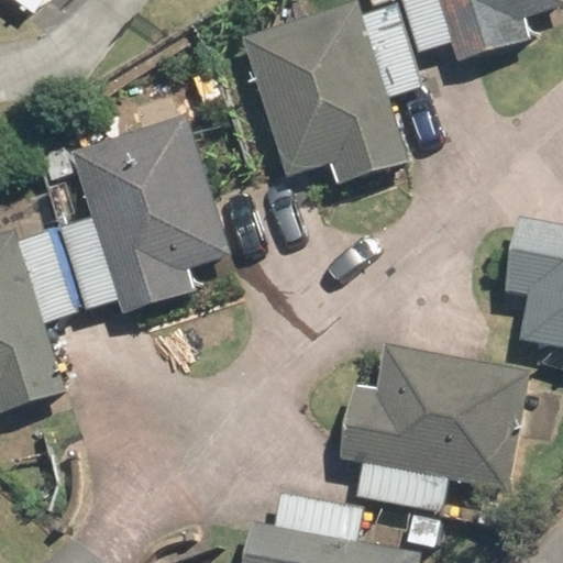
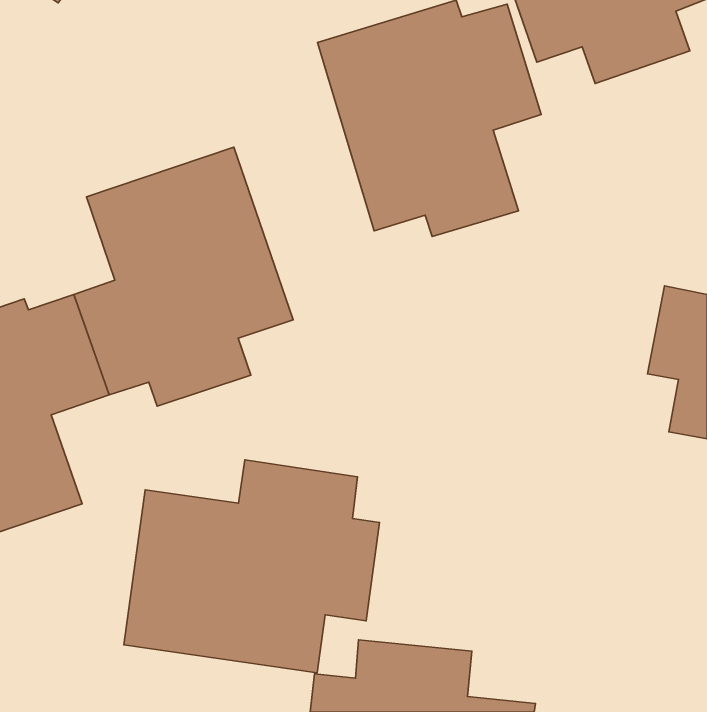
building: [340,346,530,507] -> none
building: none -> [124,460,380,673]

